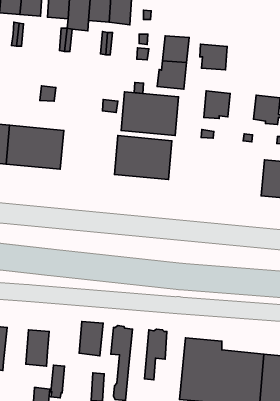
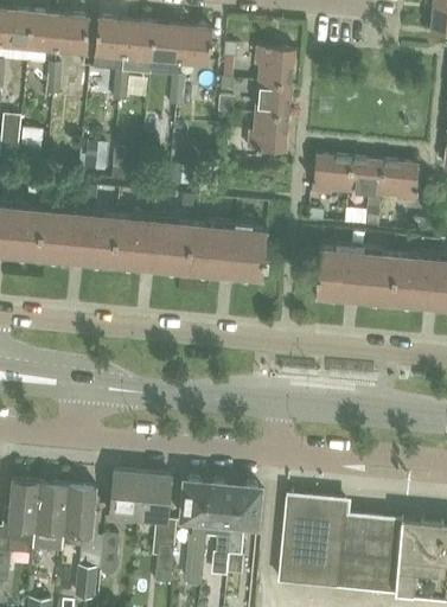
building: [200,44,227,70] -> [255,49,293,84]
building: [121,92,179,136] -> [113,212,192,273]
building: none -> [344,161,383,197]
building: none -> [313,244,395,302]
building: none -> [110,472,142,519]
building: none -> [34,484,69,535]
building: none -> [207,484,235,555]

